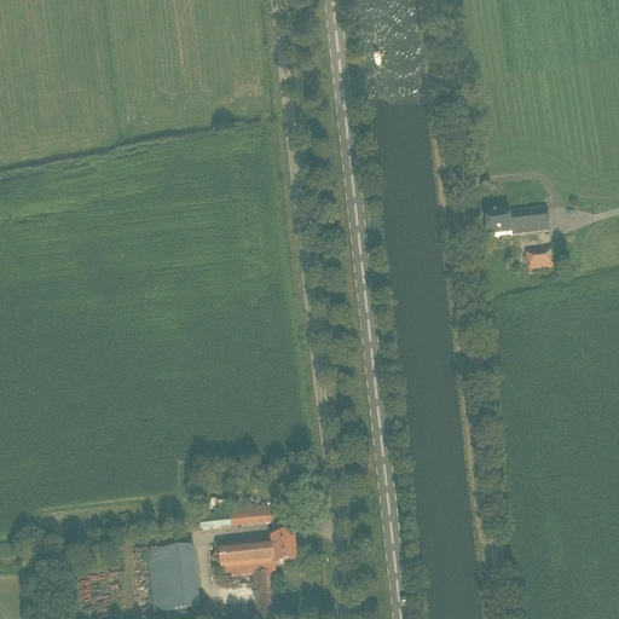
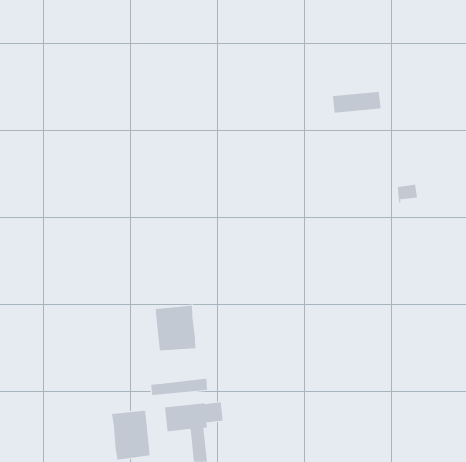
building: [485,204,550,233] -> [332,91,381,113]
building: none -> [155,305,196,351]

